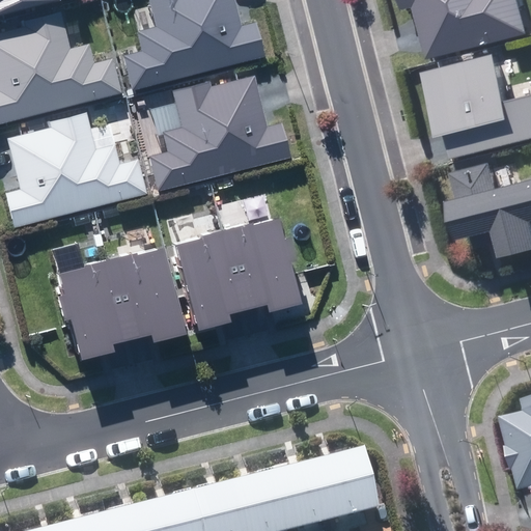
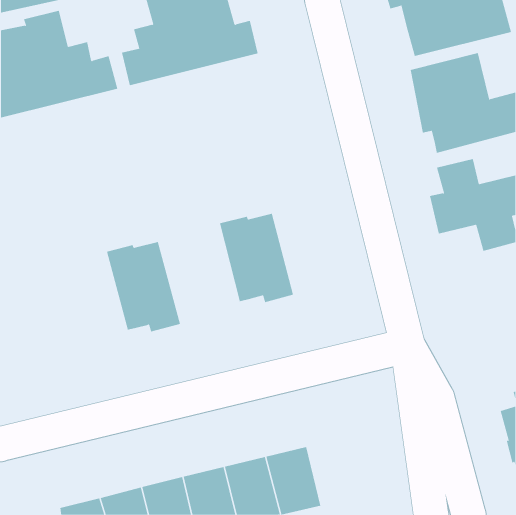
building: [149,76,290,190] -> none
building: [6,111,146,226] -> none
building: [177,229,246,330] -> none
building: [58,258,131,359] -> none
building: [315,448,372,520] -> none

